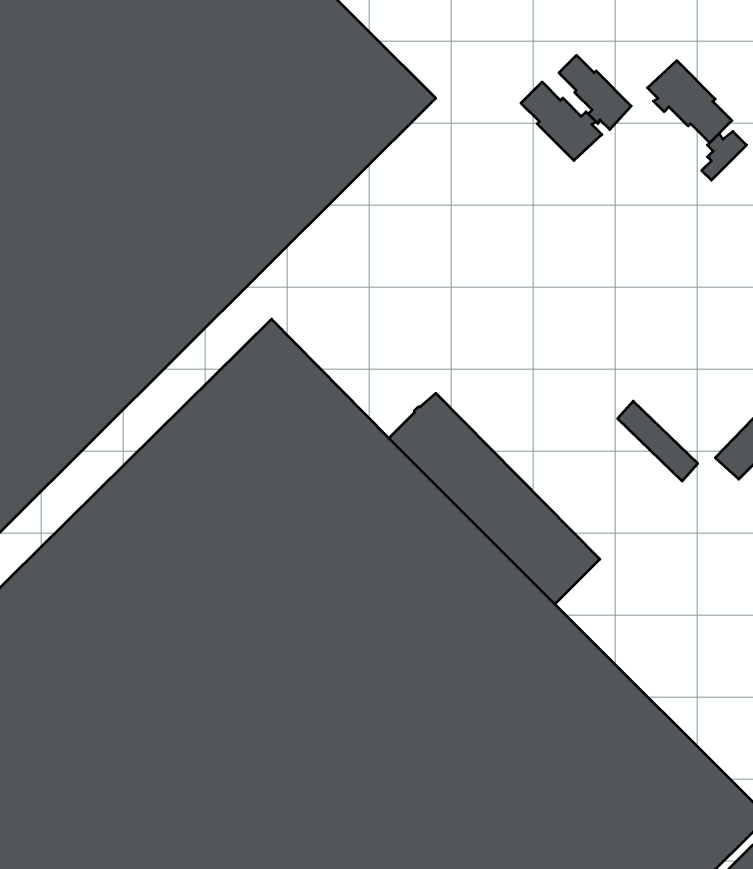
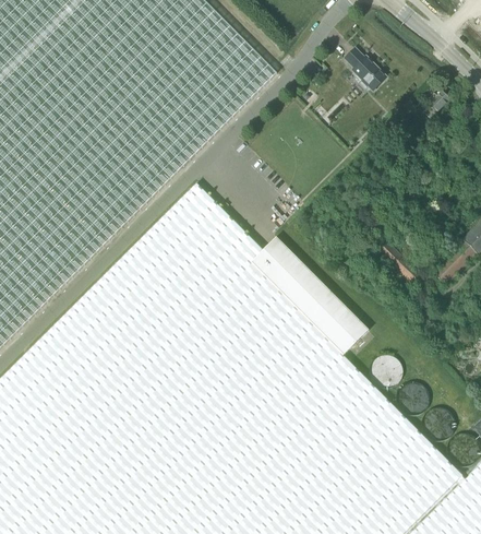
building: [647,61,732,143] -> none
building: [521,82,602,161] -> none
building: none -> [184,182,263,262]

